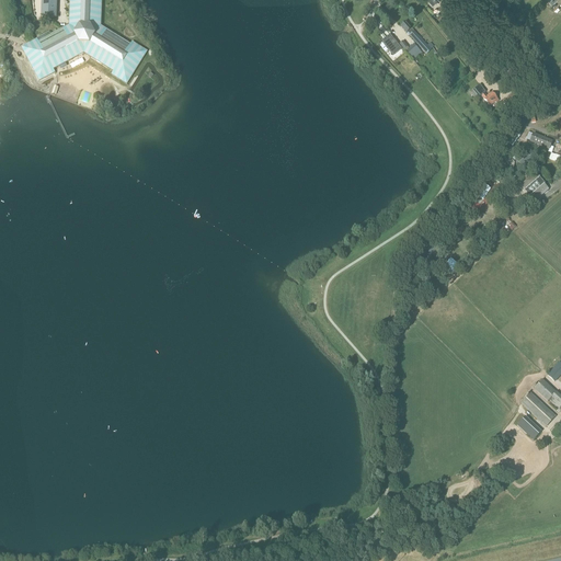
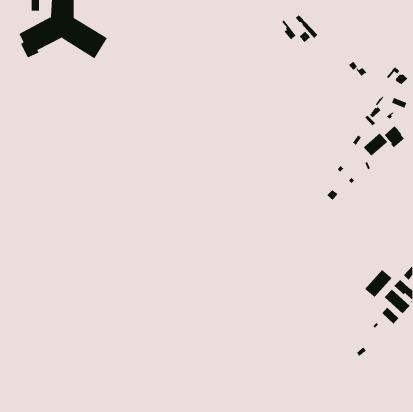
building: none -> [363,133,388,157]
building: none -> [364,269,393,298]

